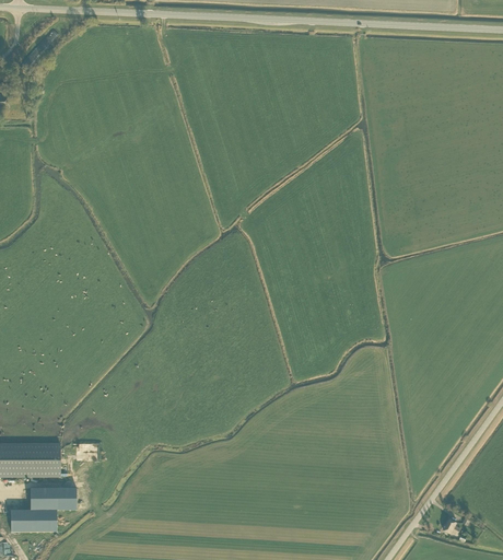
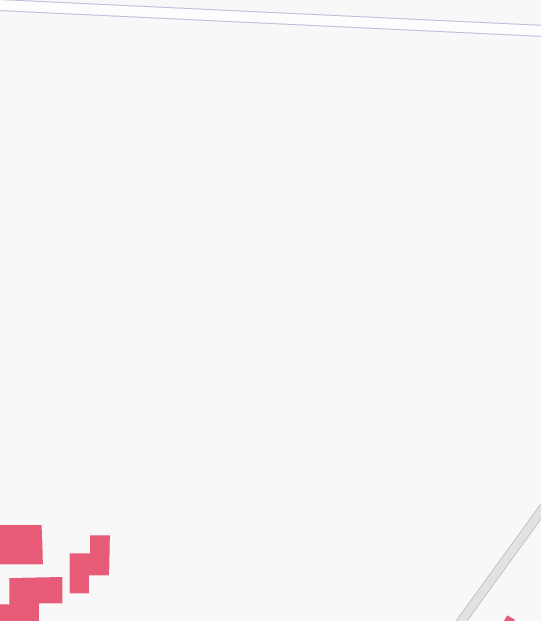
building: none -> [69,534,111,594]

